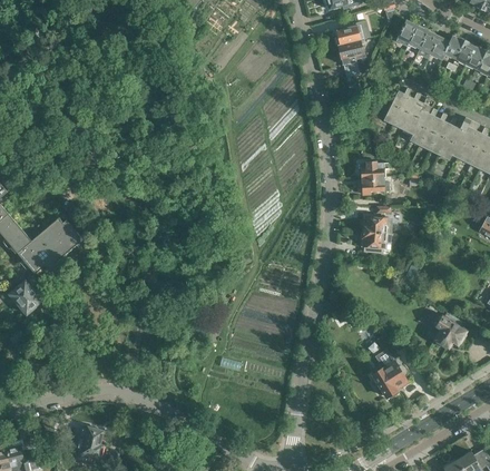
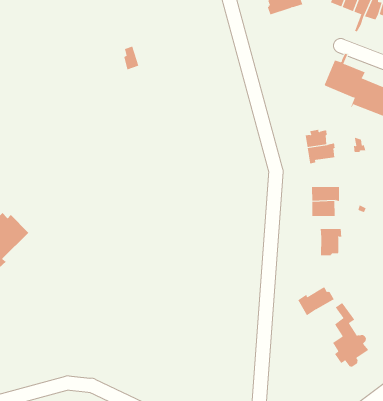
building: [337,40,366,78] -> none
building: none -> [320,228,342,256]
building: none -> [297,287,335,316]

